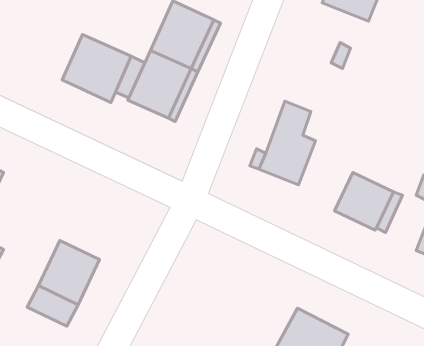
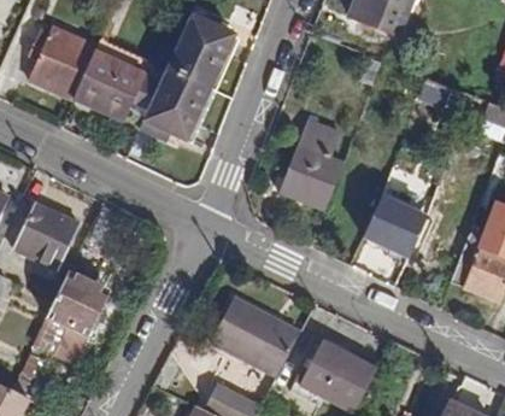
building: none -> [28,27,95,99]
building: none -> [16,203,78,268]
building: none -> [210,298,300,376]

